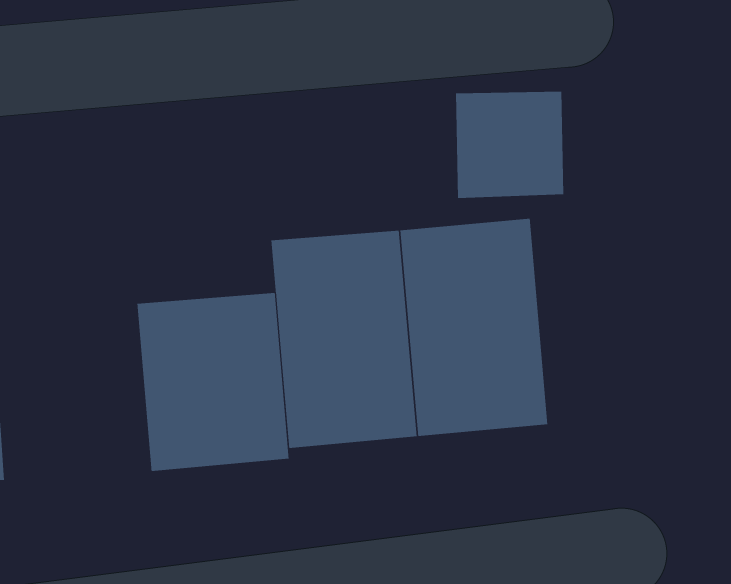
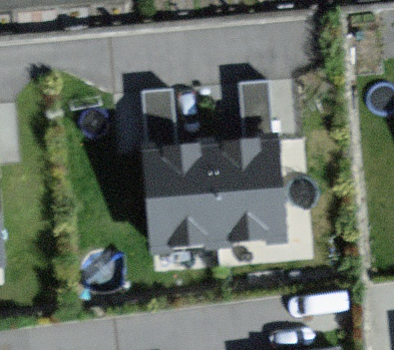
building: [137,292,289,472] -> none

